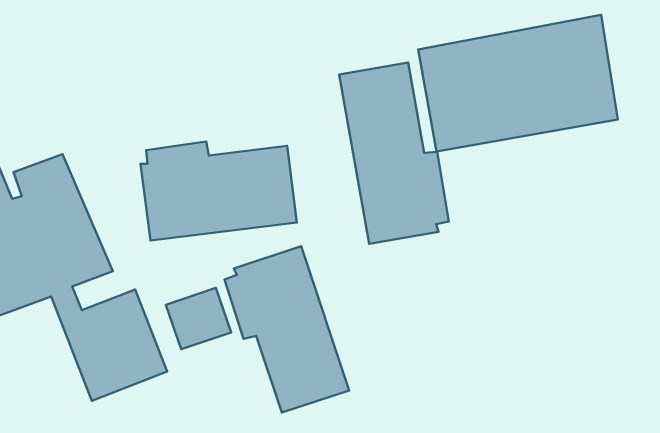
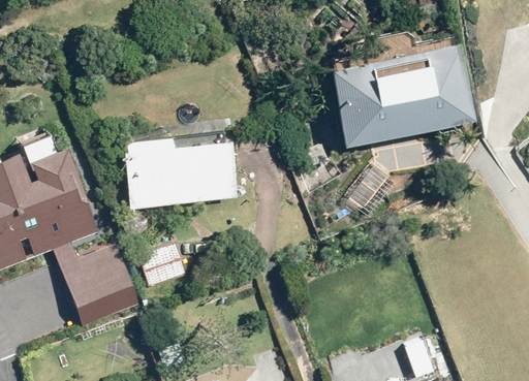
building: [339,63,449,244] -> none
building: [225,246,349,413] -> none

